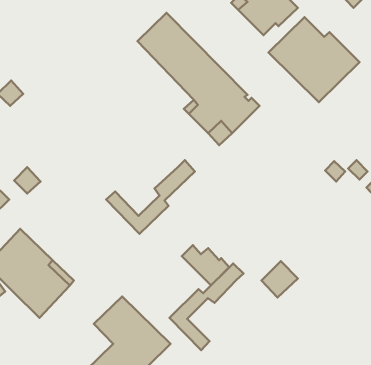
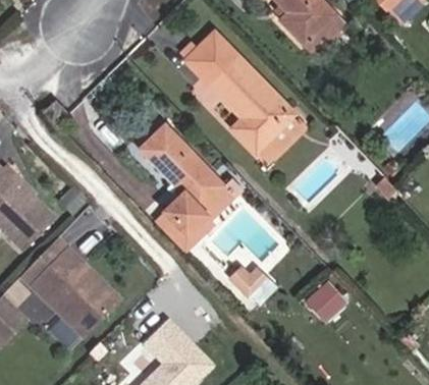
building: [268,17,360,102] -> none
building: none -> [139,122,224,234]
building: [169,264,244,350] -> none

